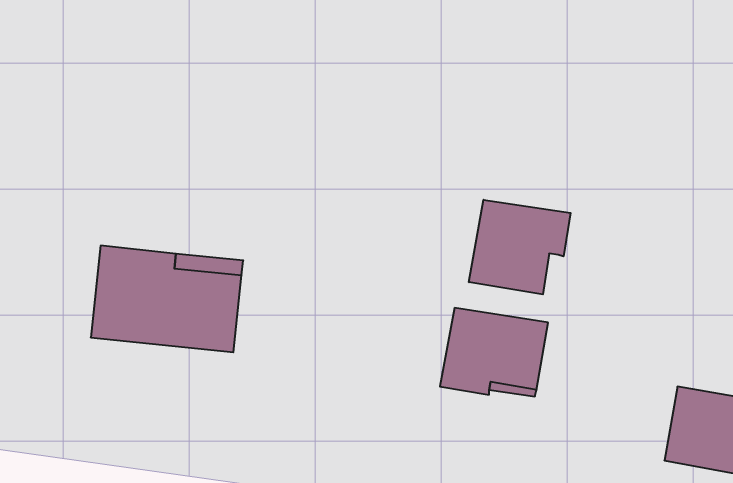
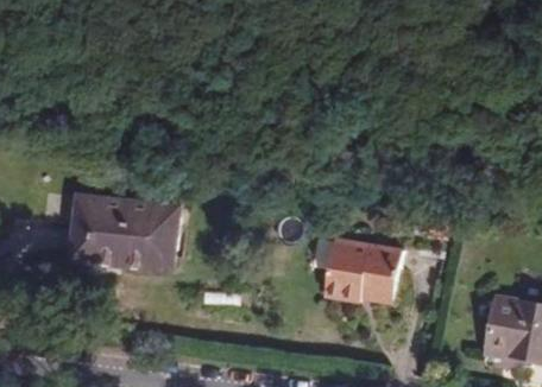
building: [469,200,571,294] -> none

